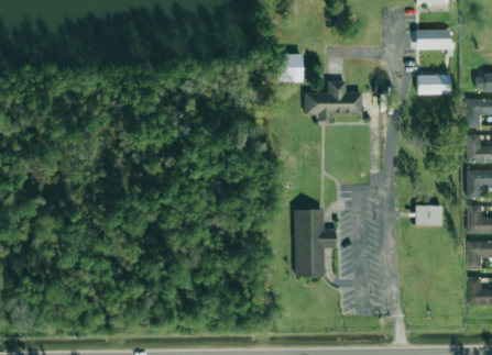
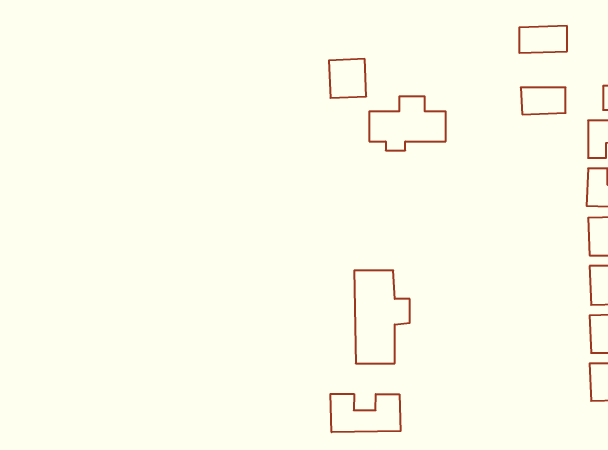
building: [414,206,440,225] -> none
building: none -> [330,394,401,432]

